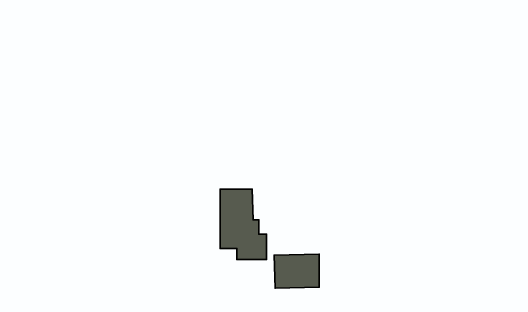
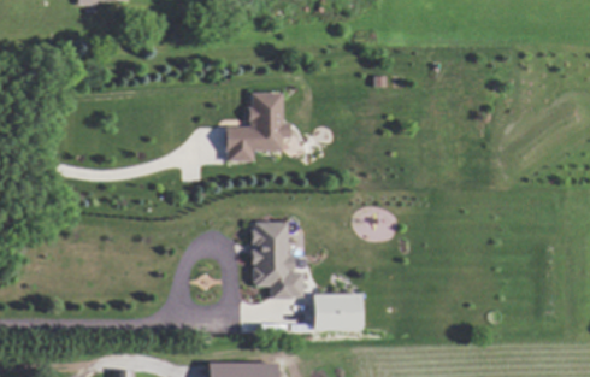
building: none -> [225,92,289,161]

